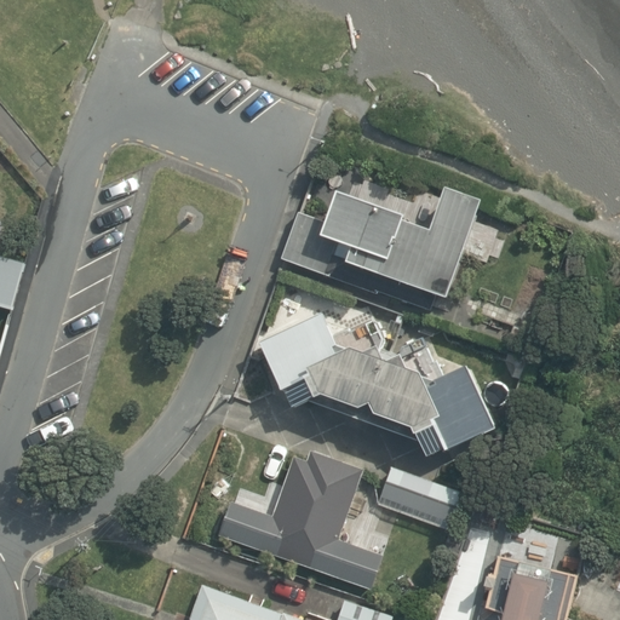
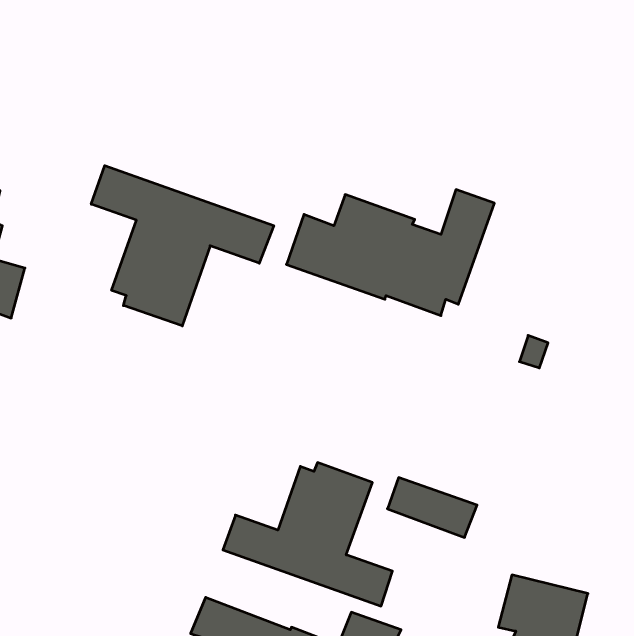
building: none -> [91,166,274,326]
building: [259,314,495,459] -> none

